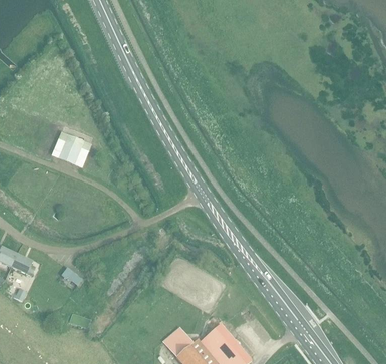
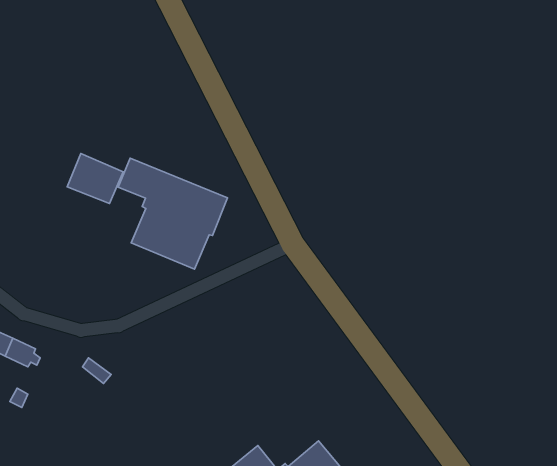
building: none -> [118,158,228,269]

